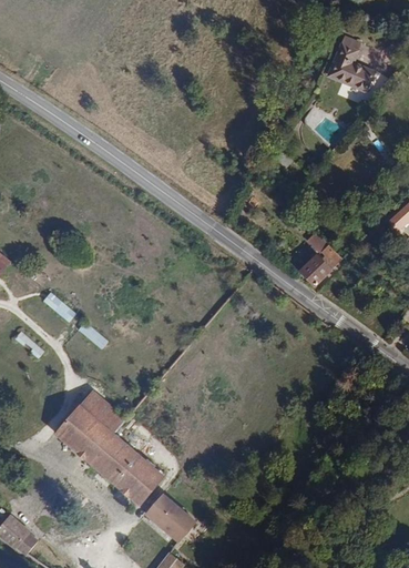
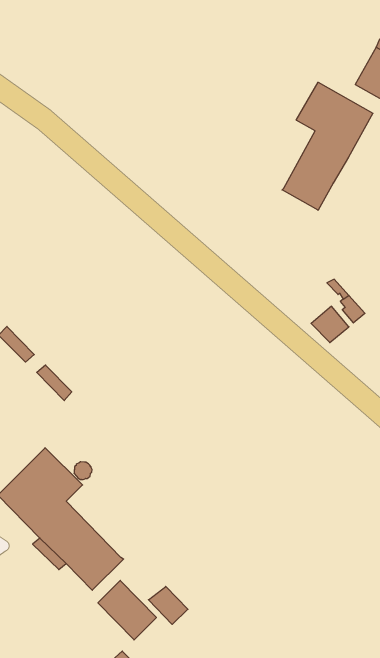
building: none -> [282,82,373,210]
building: none -> [148,586,188,624]

